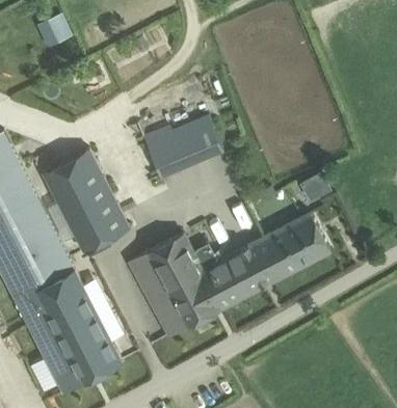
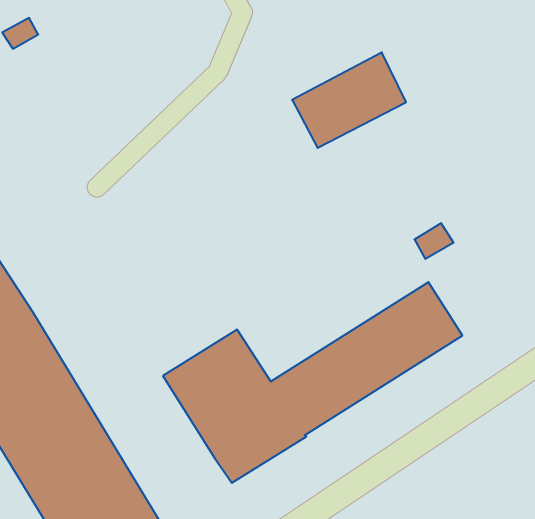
building: [147,116,222,176] -> [292,52,406,148]
building: [43,149,130,252] -> none

